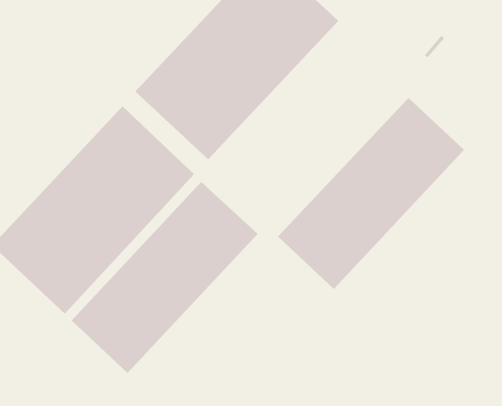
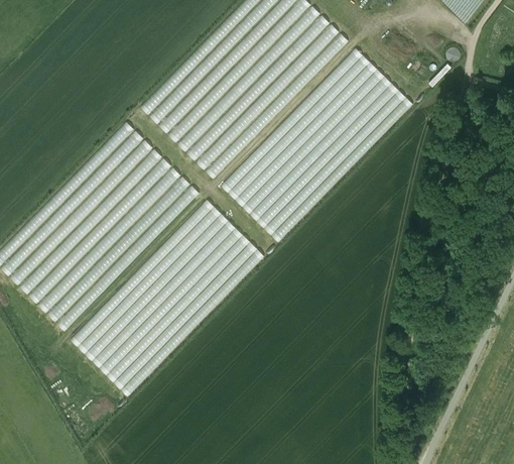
building: [277,97,465,290] -> [221,47,408,240]

